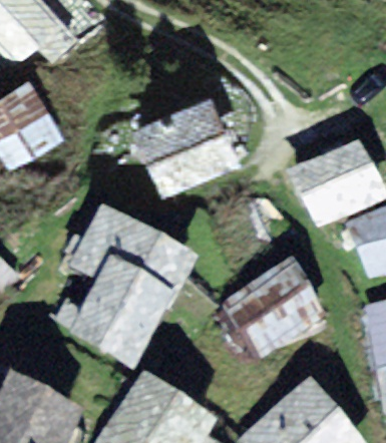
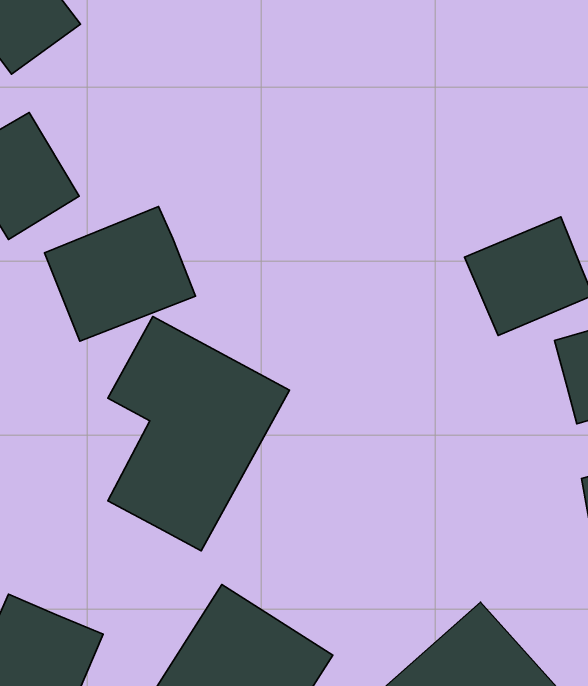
building: [139,96,234,180] -> [45,206,195,341]
building: [230,271,319,352] -> none

